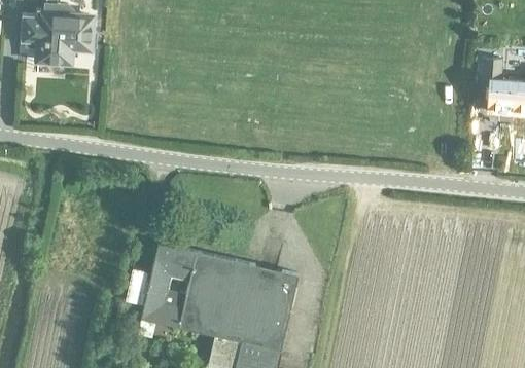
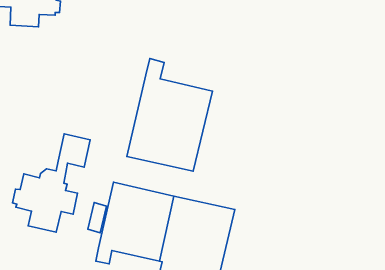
building: none -> [127,59,212,171]
building: none -> [13,134,90,232]

